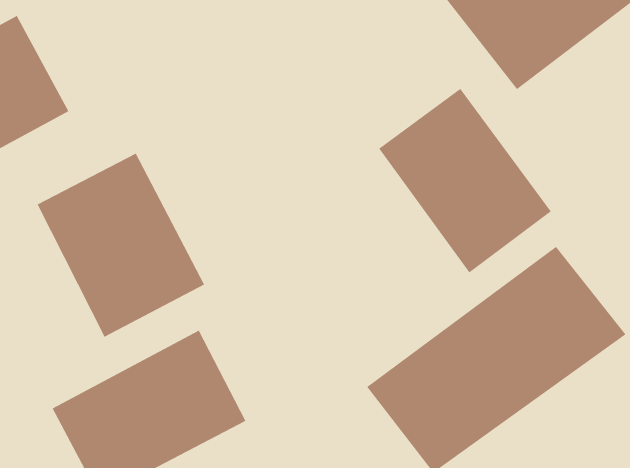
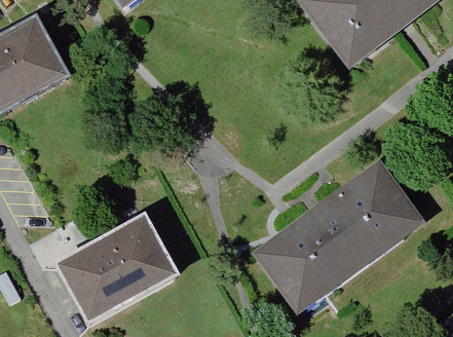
building: [378,88,552,274] -> none
building: [36,152,205,338] -> none

